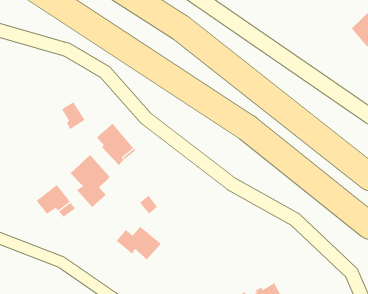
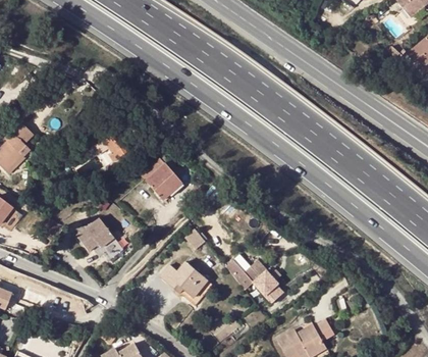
building: [70,154,111,208] -> none
building: none -> [228,261,284,306]

